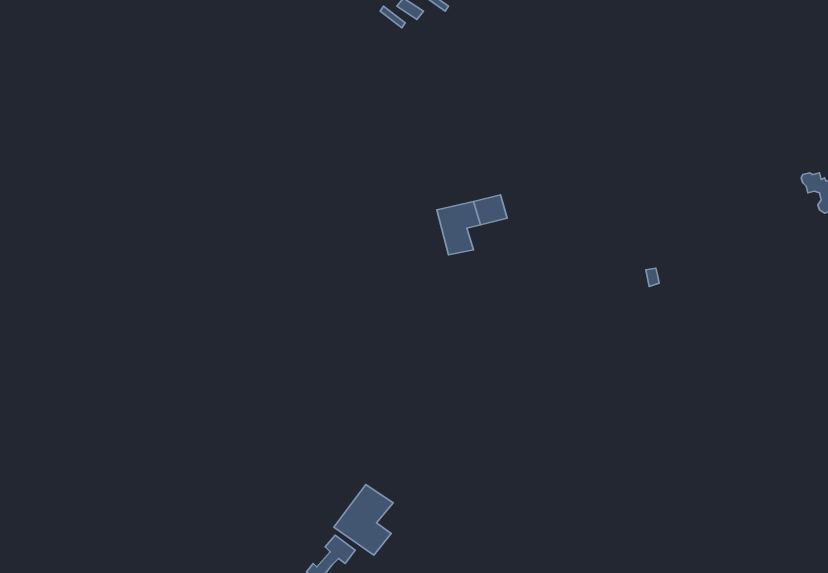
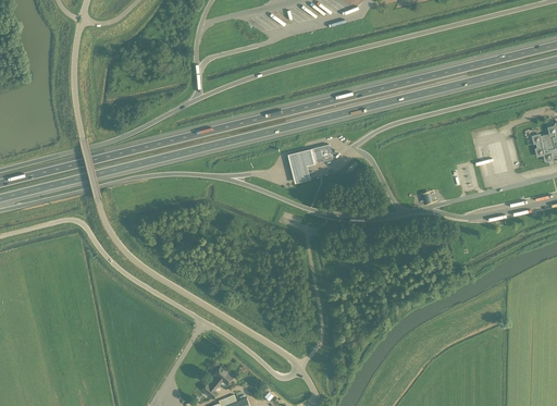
building: [334,484,393,555] -> none

